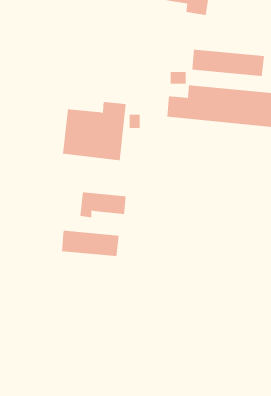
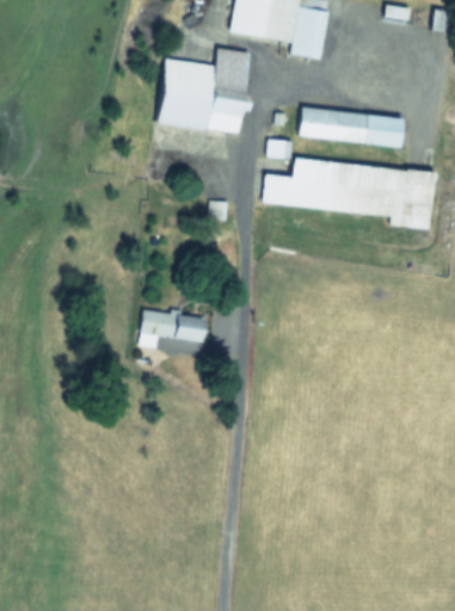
building: [62,101,126,161] -> [159,49,251,134]
building: [62,230,119,257] -> none

